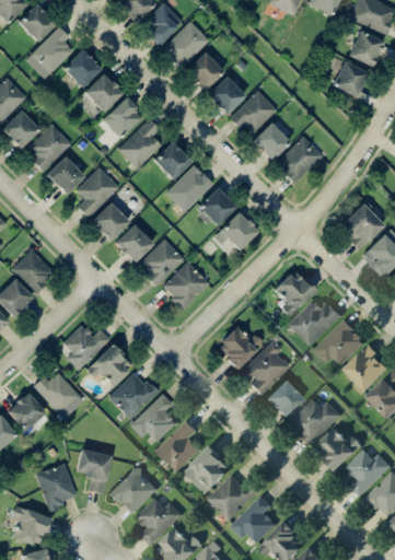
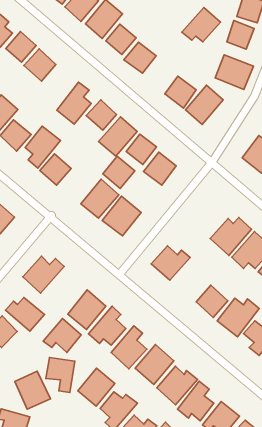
building: [229,91,277,132] -> [182,7,221,42]
building: [103,97,143,138] -> none
building: none -> [215,55,254,90]
building: [114,224,153,264] -> [103,156,135,188]
building: [275,270,316,316] -> none
building: [240,340,289,395] -> none
building: [85,345,132,386] -> [43,319,81,352]

